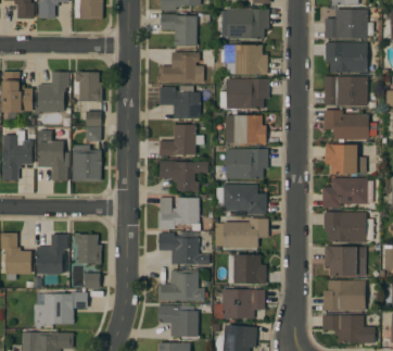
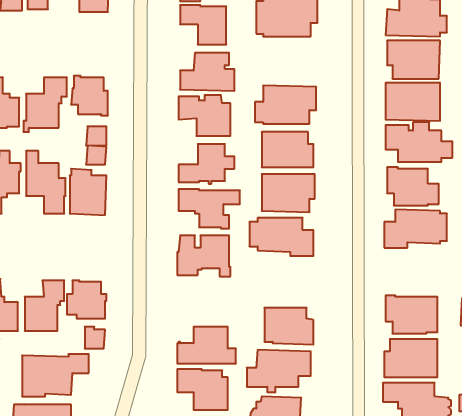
building: [227,45,267,74] -> none
building: [324,212,372,242] -> none
building: [214,218,268,248] -> none
building: [157,233,208,265] -> none

